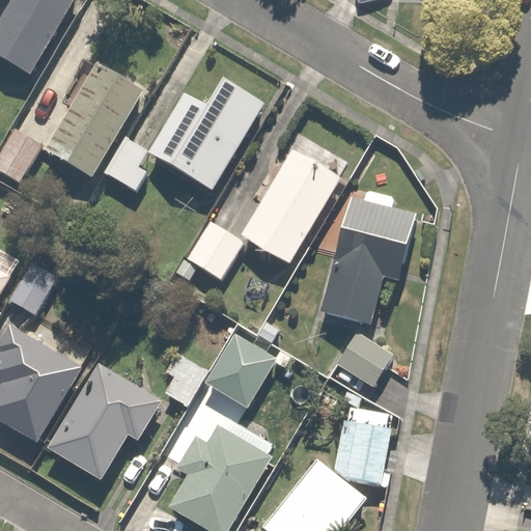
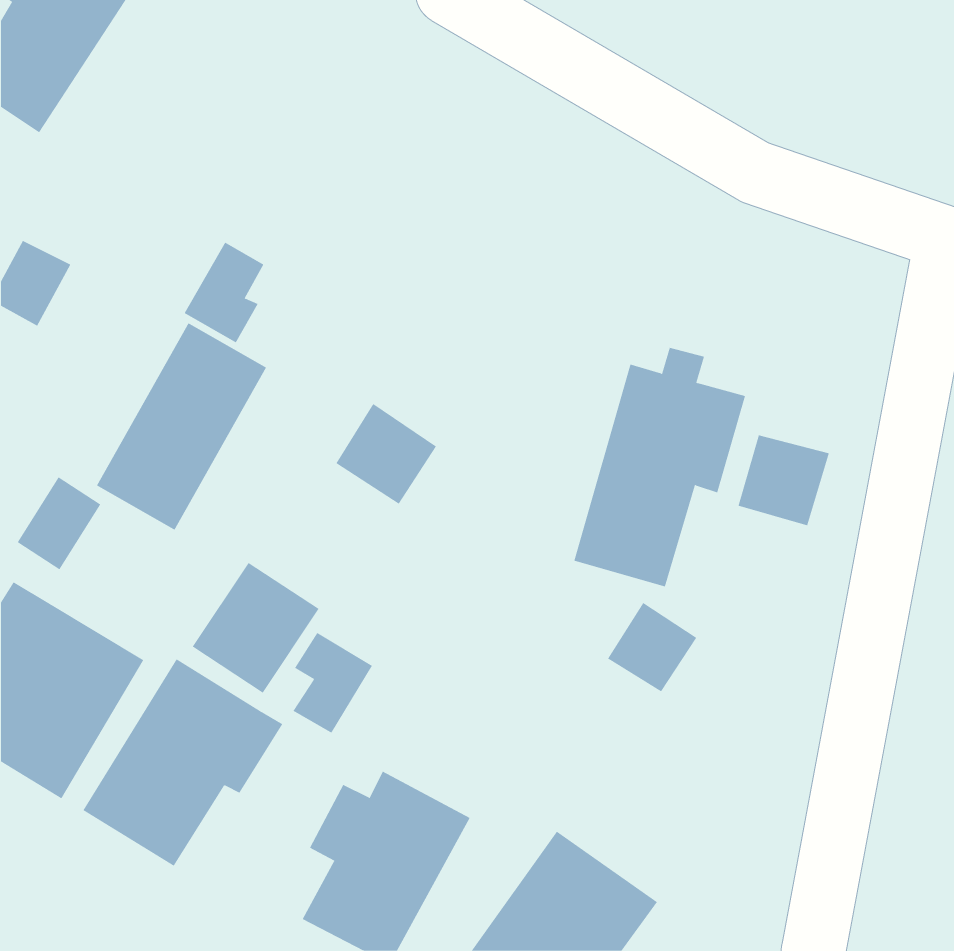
building: [46,61,140,176] -> [96,322,267,531]
building: [147,77,266,192] -> none
building: [240,147,341,264] -> none
building: none -> [738,434,830,526]
building: [204,335,275,408] -> [192,562,319,693]
building: [335,419,390,481] -> none

